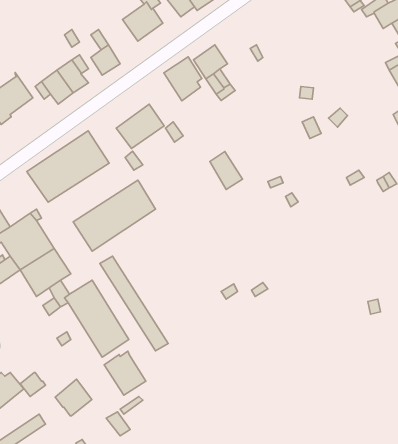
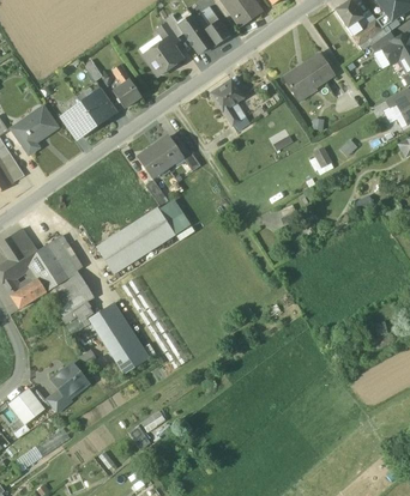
building: none -> [285,53,334,96]
building: [164,57,202,101] -> none
building: [27,131,109,202] -> none
building: [210,151,243,189] -> [159,198,191,234]
building: [104,351,146,395] -> none
building: [55,379,92,416] -> [53,362,88,397]

